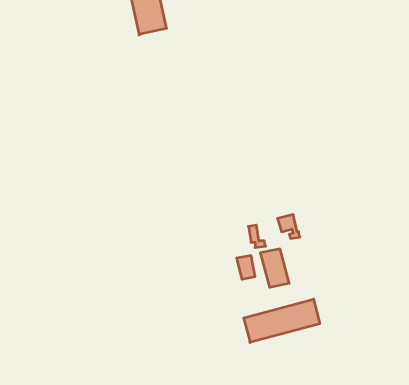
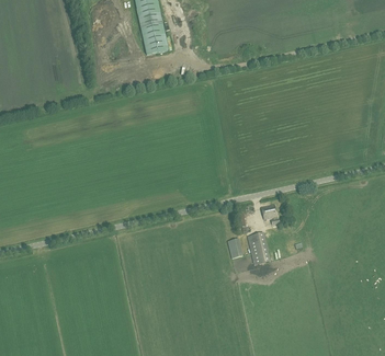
building: [244,299,320,343] -> none

